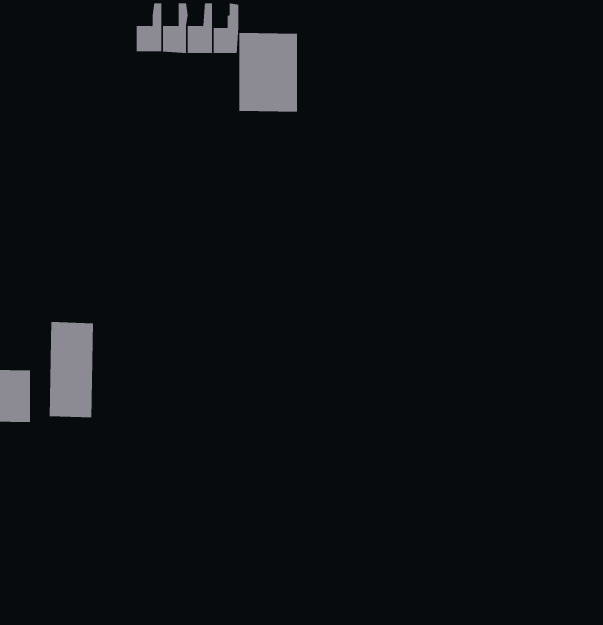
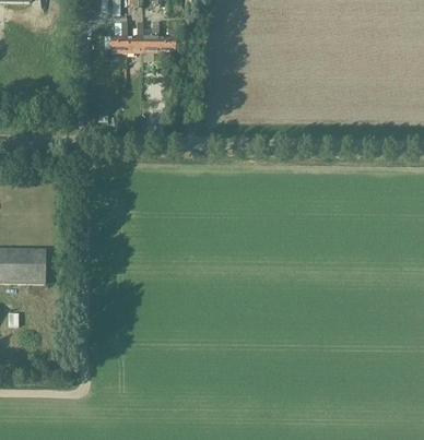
building: [239,32,297,112] -> none
building: [49,321,94,418] -> none

